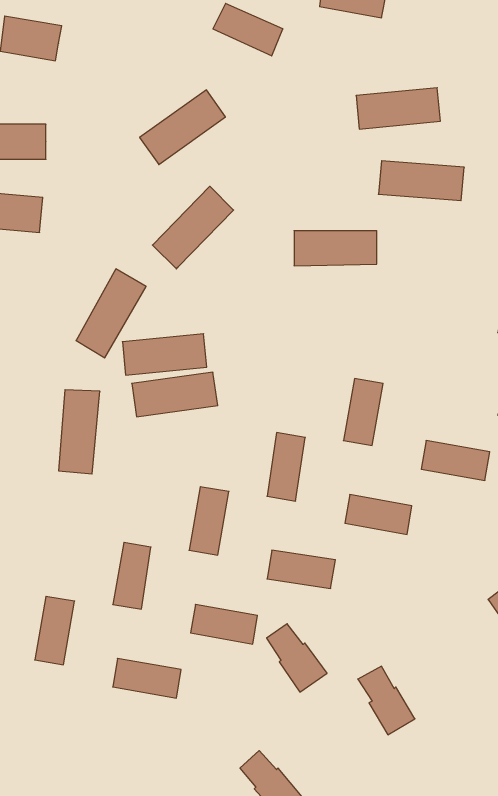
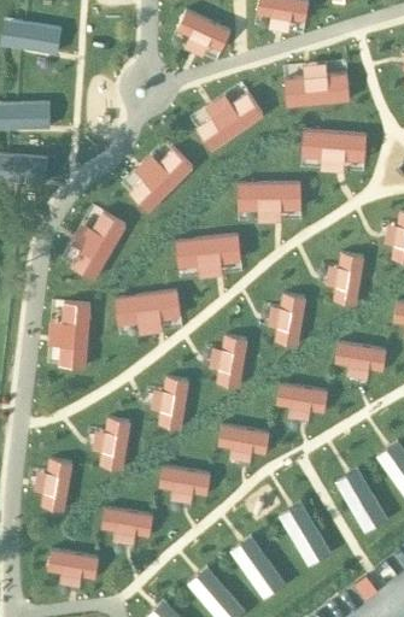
building: [140,90,225,165] -> [197,94,262,151]
building: none -> [334,253,363,305]
building: [122,334,207,375] -> [176,235,240,266]
building: none -> [342,480,386,531]
building: [267,624,327,692] -> [239,547,285,599]
building: none -> [47,550,98,580]

